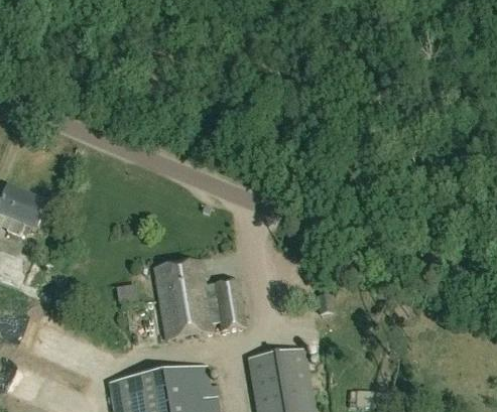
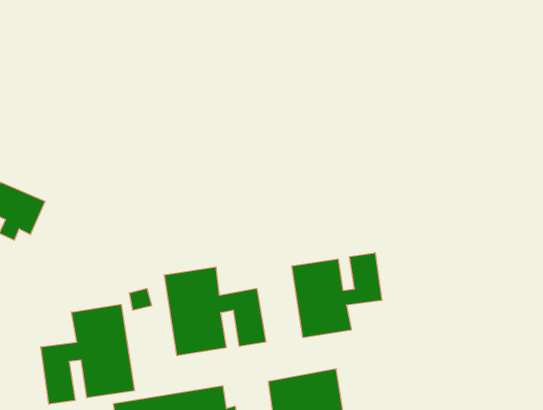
building: none -> [292,253,382,338]
building: none -> [41,304,135,404]

